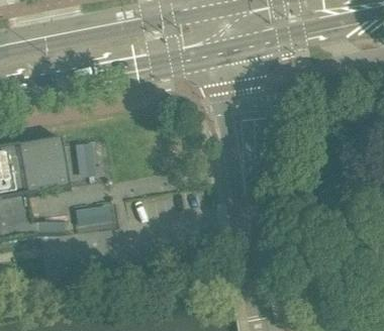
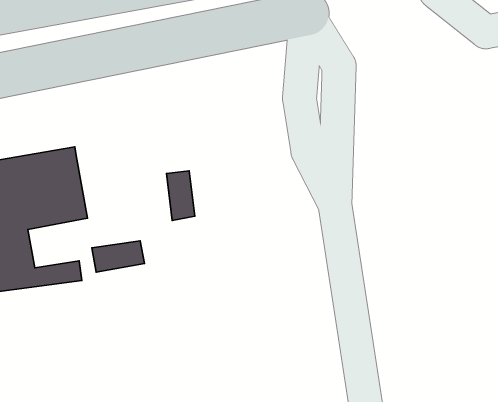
building: [76,137,96,173] -> [166,171,195,220]

